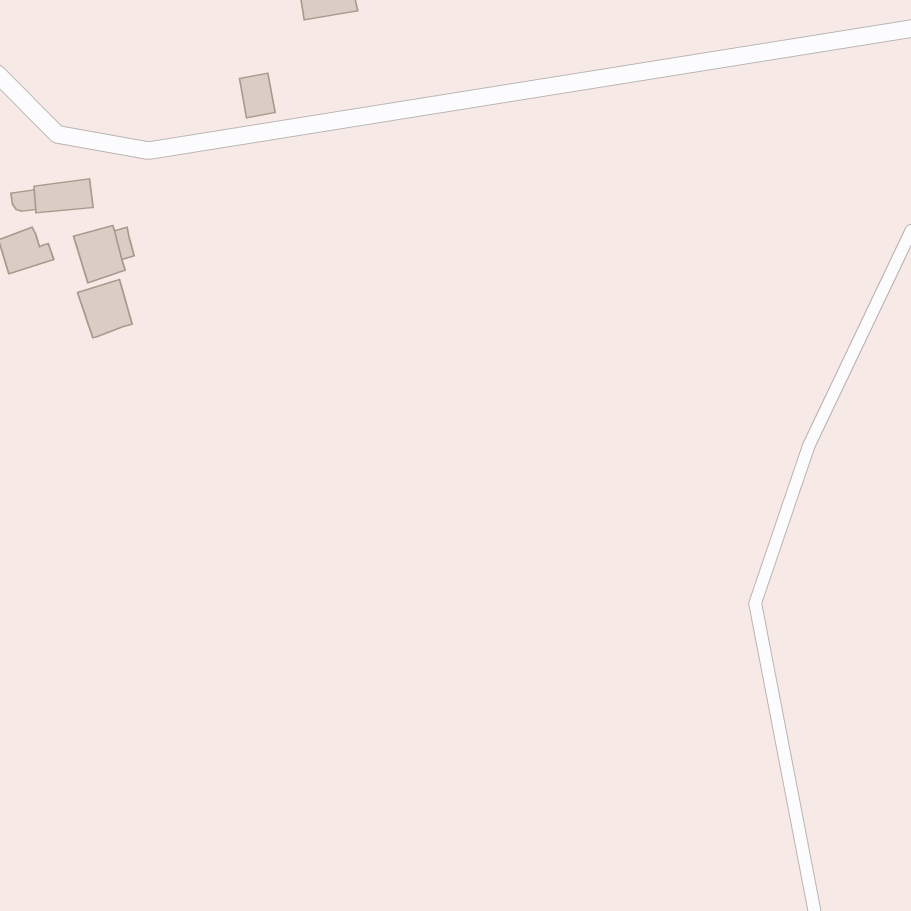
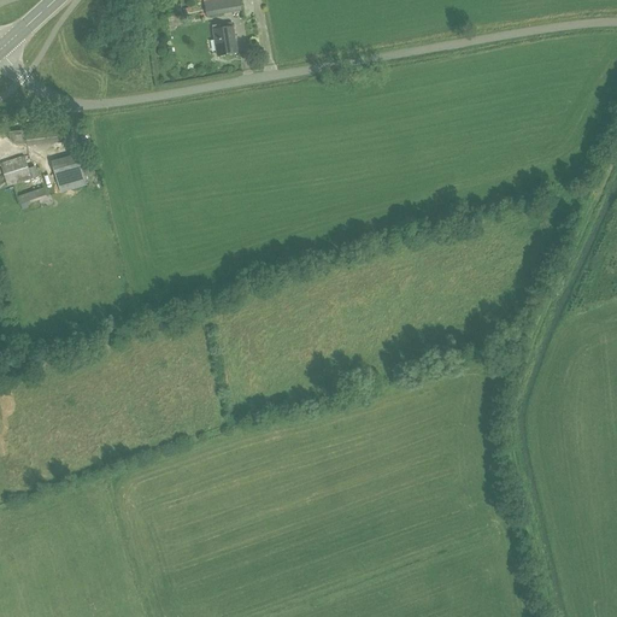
building: [239,73,275,118] -> [211,24,235,54]
building: [78,280,132,338] -> none

